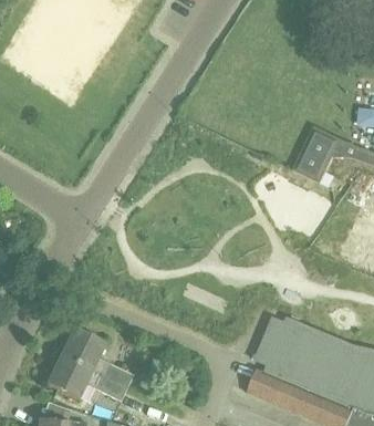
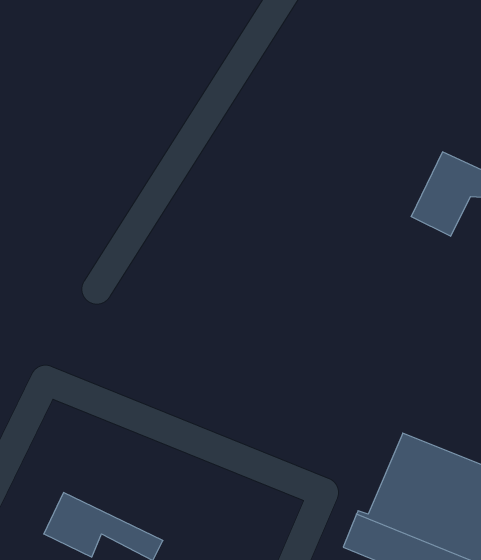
building: [59,326,132,386] -> none

